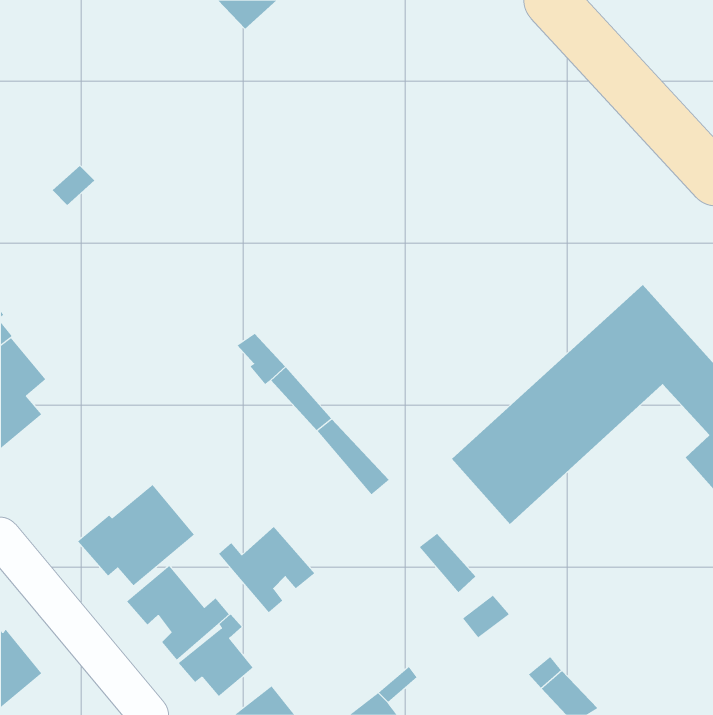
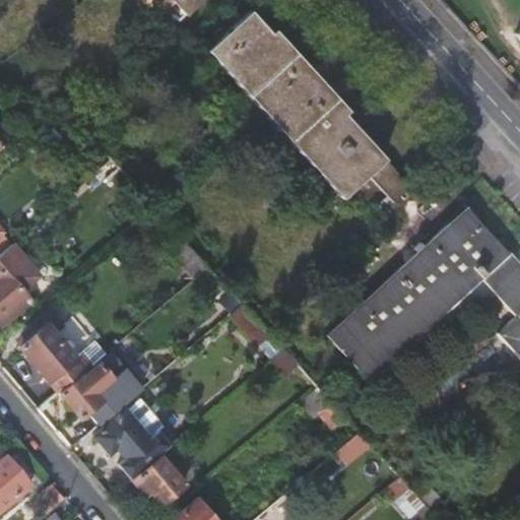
building: none -> [207,10,412,202]
building: none -> [19,316,101,393]
building: [218,526,315,613] -> none

